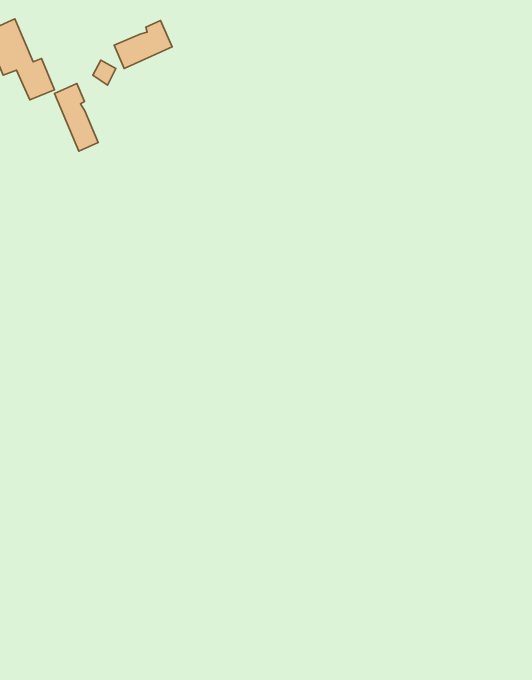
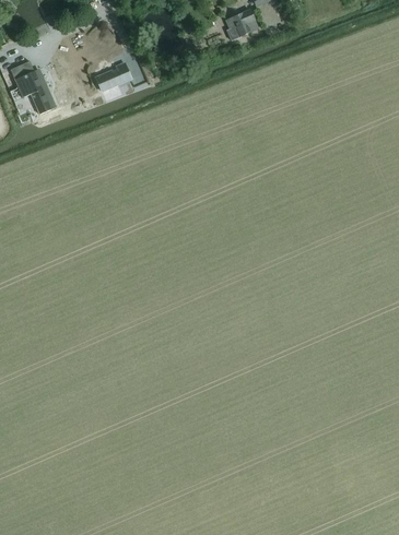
building: [54,84,98,151] -> none

